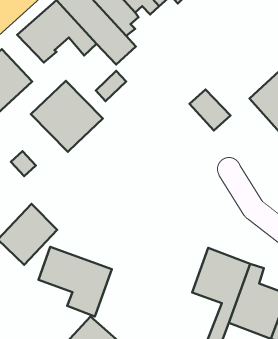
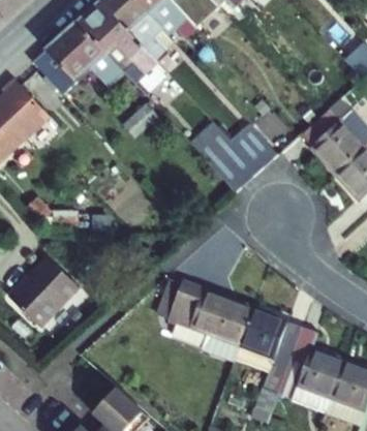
building: [31,81,103,152] -> none
building: none -> [189,121,258,191]
building: [39,247,112,316] -> [167,281,252,362]

